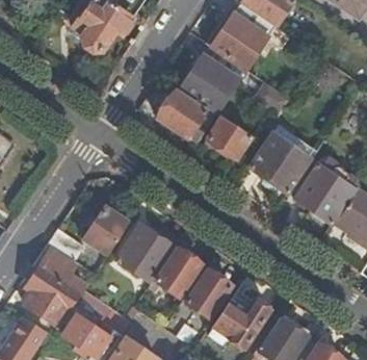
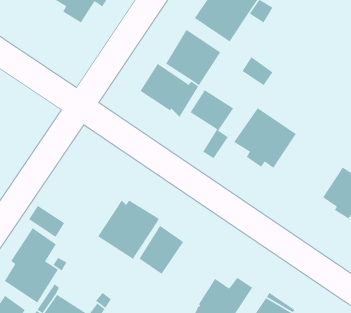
building: [293,163,355,223] -> none
building: [84,206,127,254] -> none
building: [186,268,231,316] -> none

